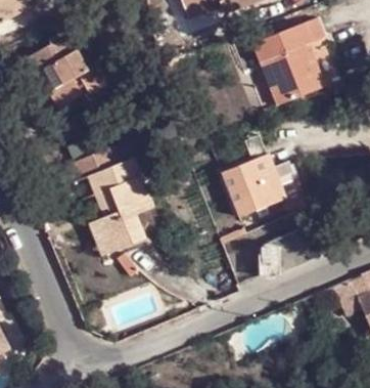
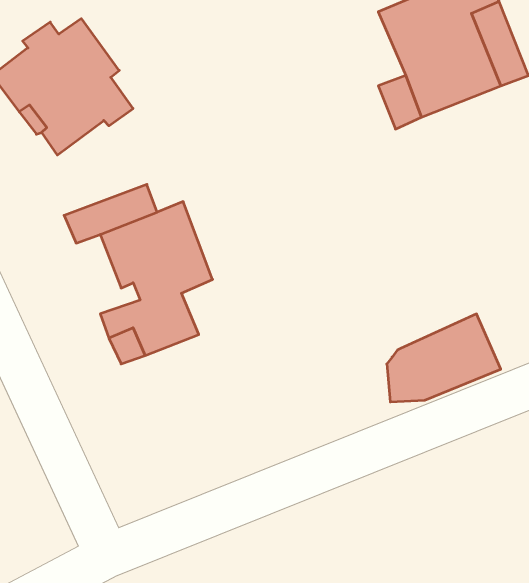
building: [224,154,295,217] -> none

